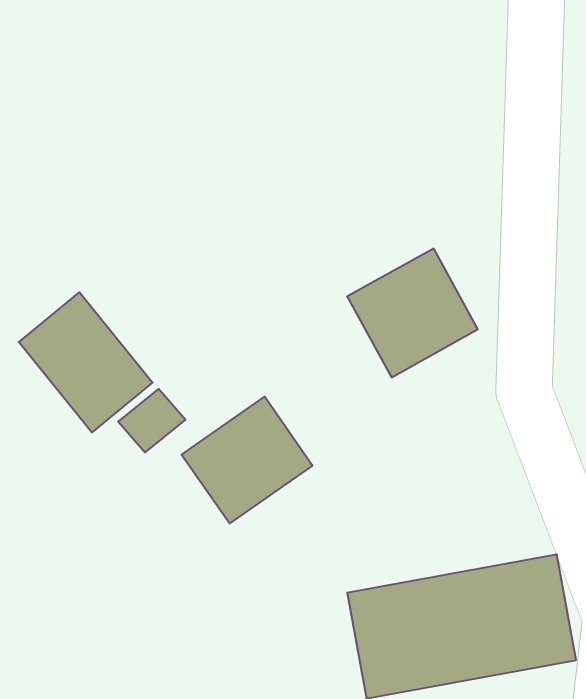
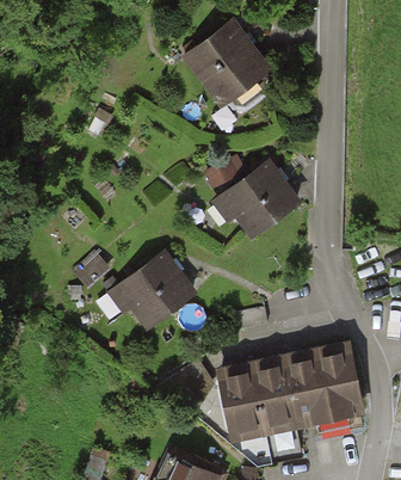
building: none -> [184,21,264,98]
building: [19,292,153,432] -> none

